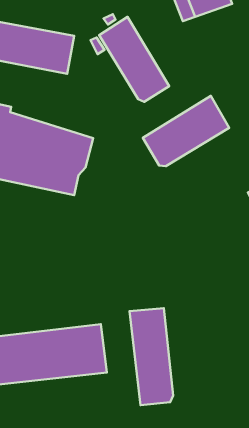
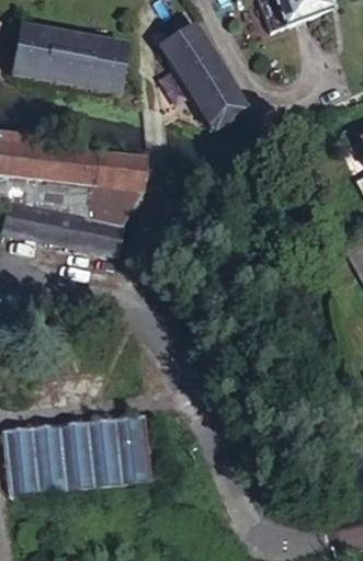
building: [143,96,229,166] -> none
building: [130,308,173,405] -> none

